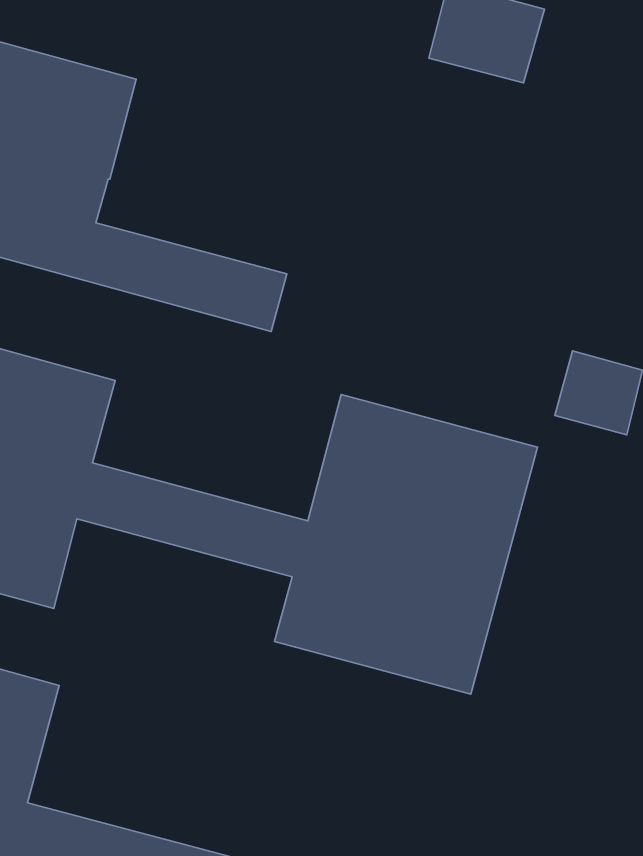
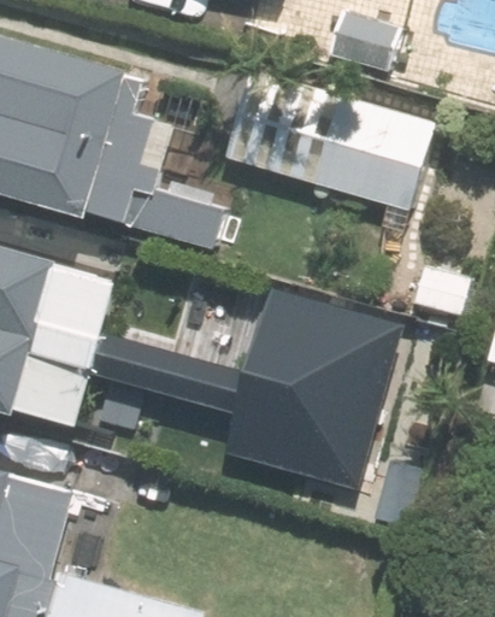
building: none -> [225,67,440,217]

